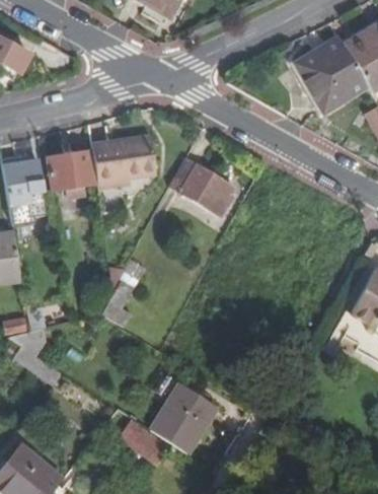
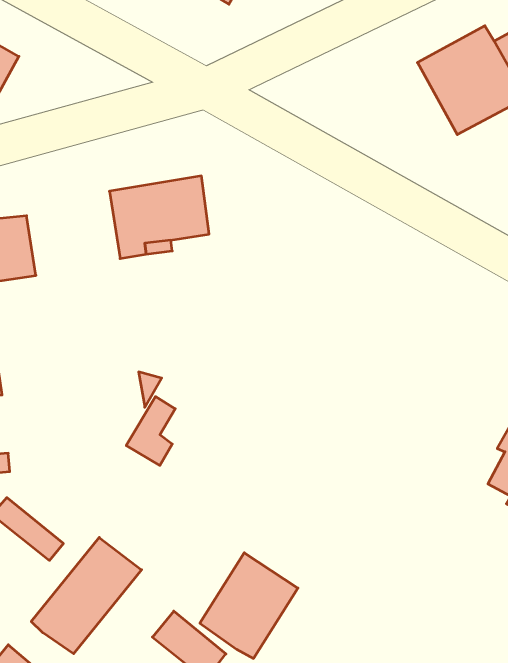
building: [48,148,93,194] -> none
building: [174,158,233,215] -> none
building: none -> [31,537,142,654]

